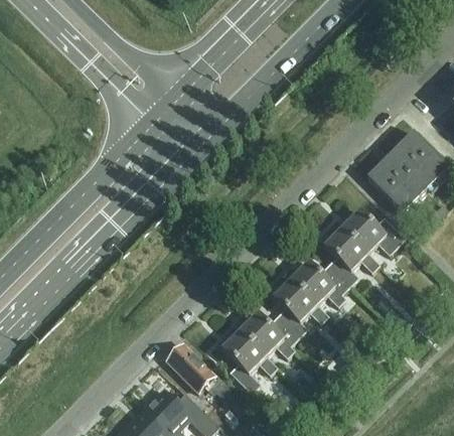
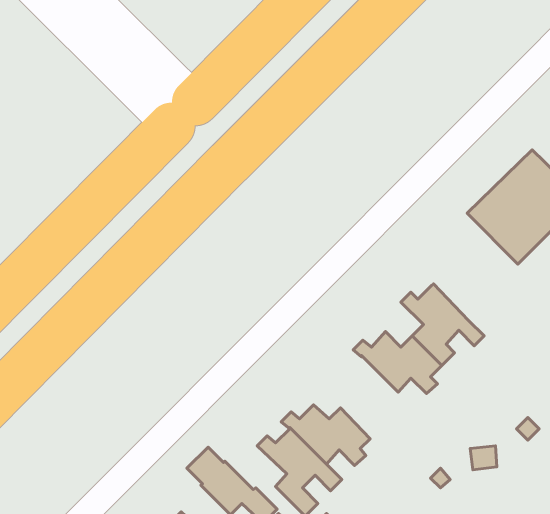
building: [337,210,406,255] -> none
building: [269,279,329,338] -> none

